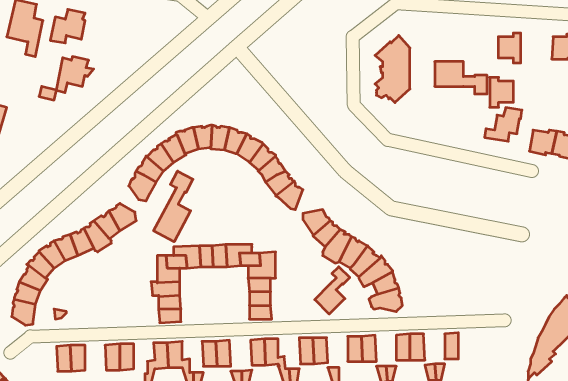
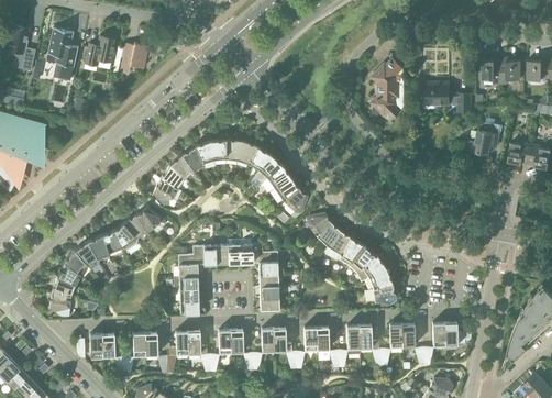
building: [56,57,94,93] -> [121,42,154,74]
building: [490,77,513,107] -> [500,57,521,84]
building: [154,171,193,242] -> none
building: [315,267,350,314] -> none
building: none -> [445,322,472,345]

